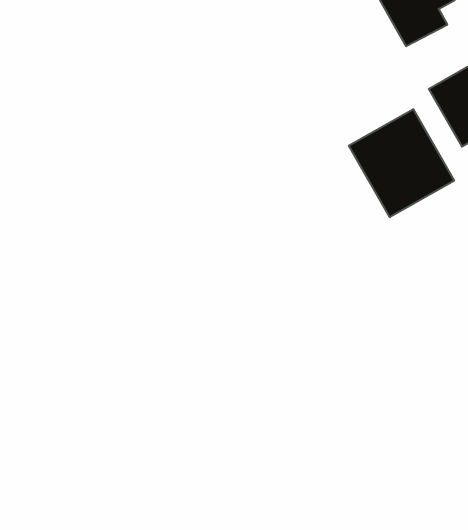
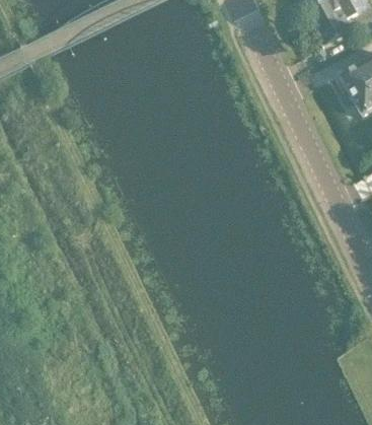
building: [349,109,454,217] -> none

